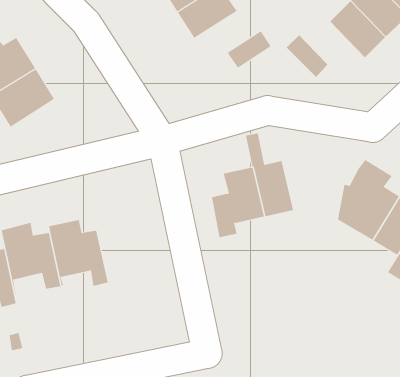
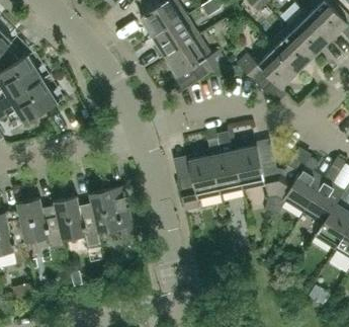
building: none -> [166,35,211,76]
building: none -> [253,44,297,88]
building: none -> [234,146,281,197]
building: none -> [90,186,136,245]

